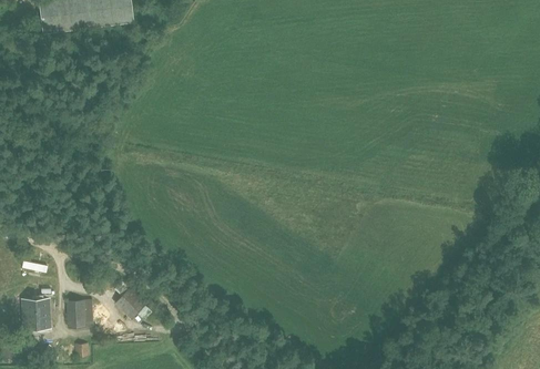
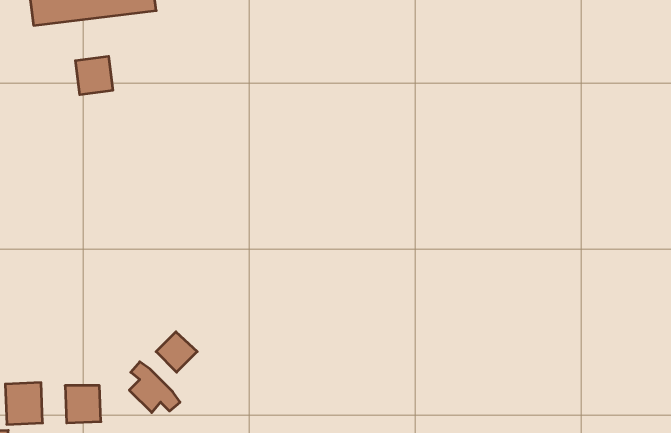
building: none -> [75,56,113,95]
building: none -> [156,332,197,372]

